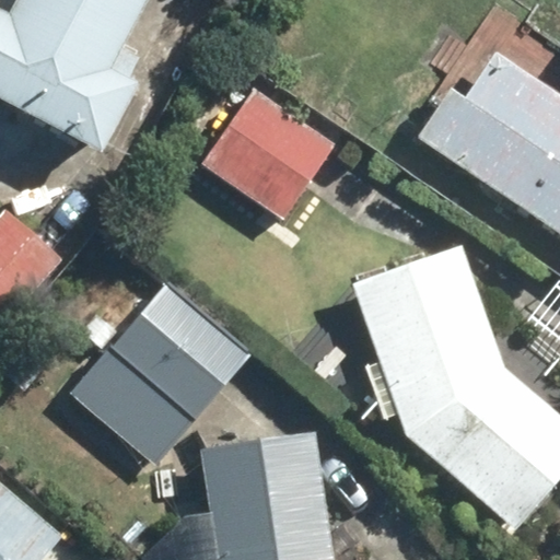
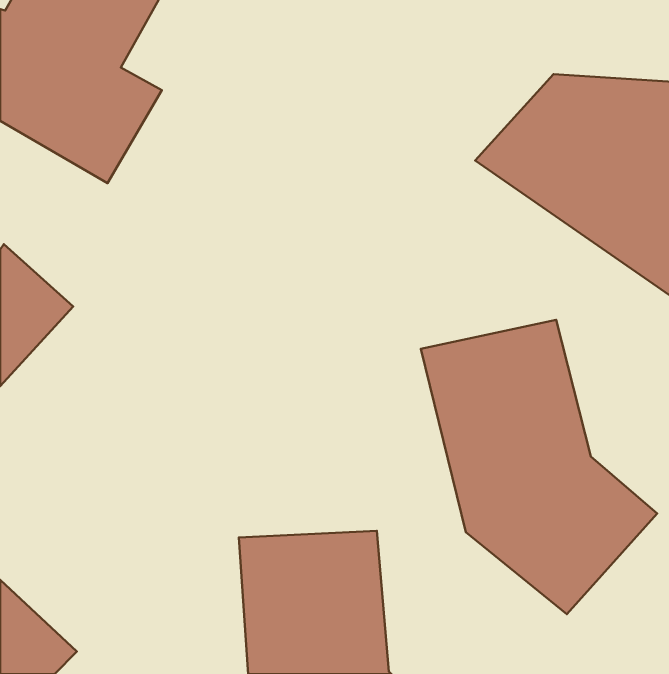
building: [186,71,340,219] -> none
building: [70,281,261,471] -> none

